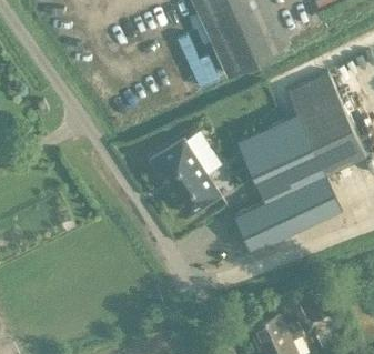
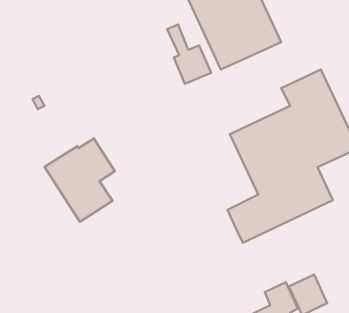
building: [150,133,221,218] -> [45,138,115,222]

